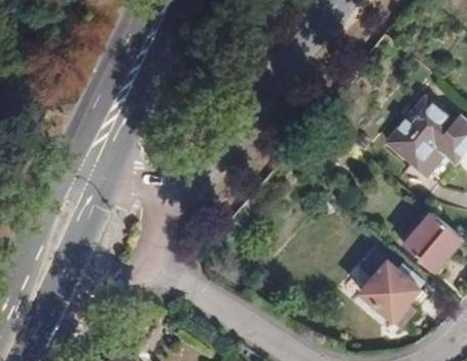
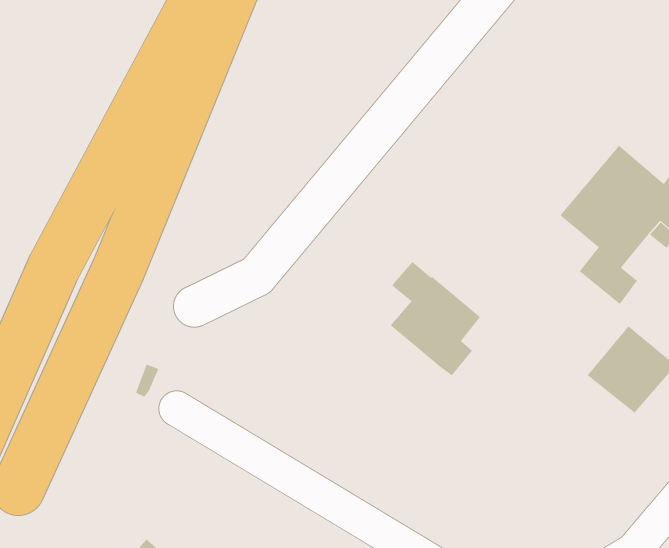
building: [362,251,421,325] -> [390,261,481,376]

